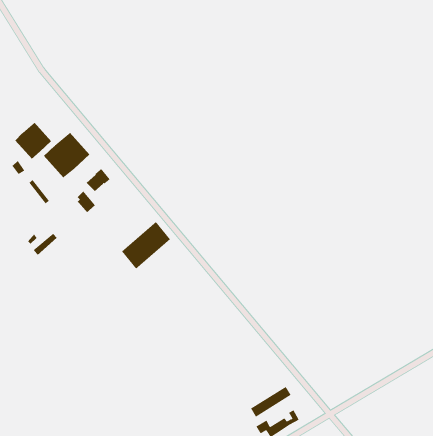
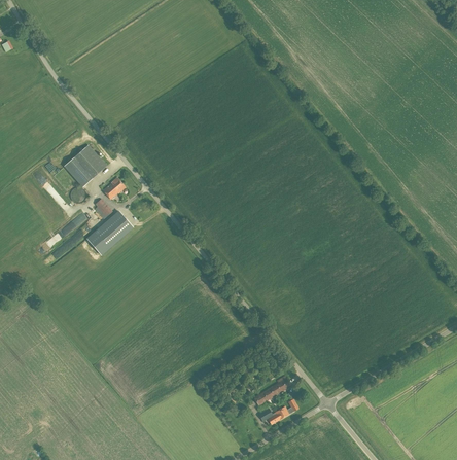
building: [15,122,52,160] -> none
building: [121,221,171,270] -> [87,210,133,254]

